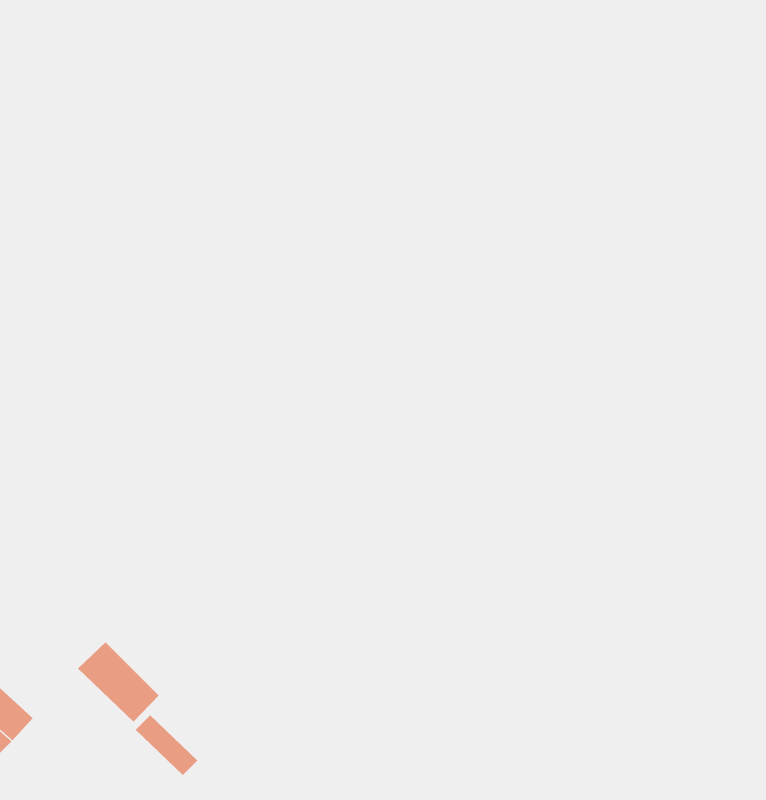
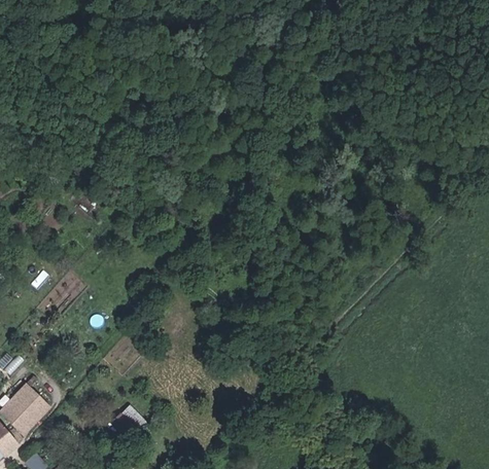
building: [77,641,160,723] -> none

